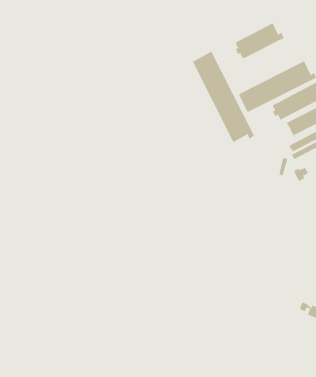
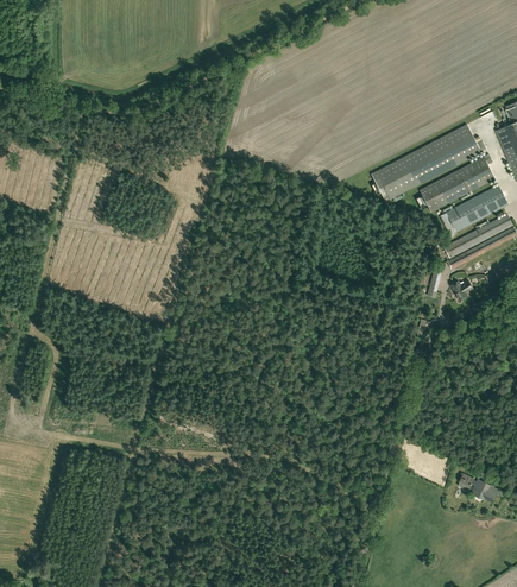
building: [235,23,284,59] -> none
building: [192,51,255,143] -> none

